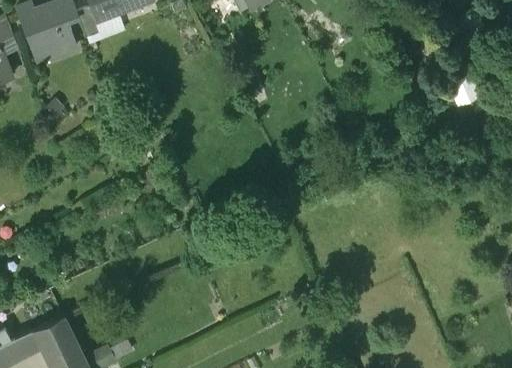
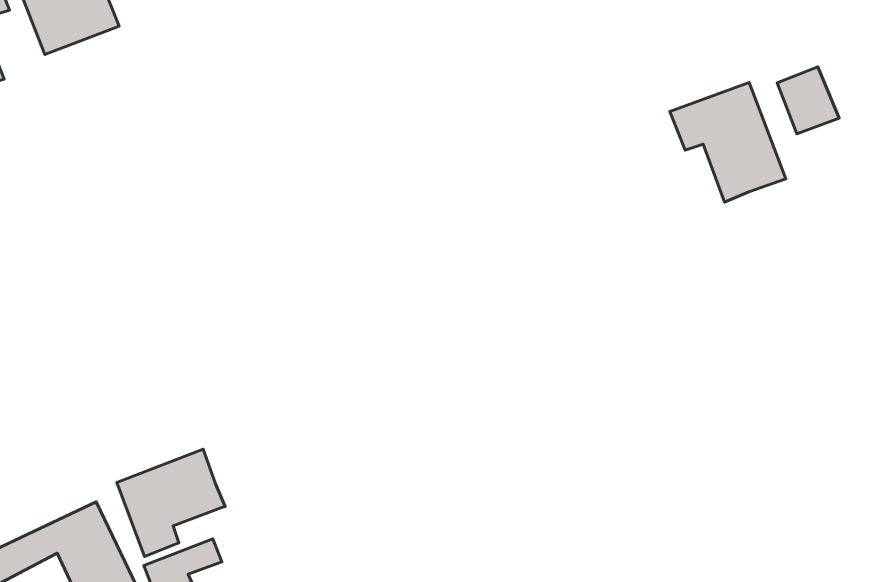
building: none -> [670,82,786,202]
building: none -> [117,449,225,557]

